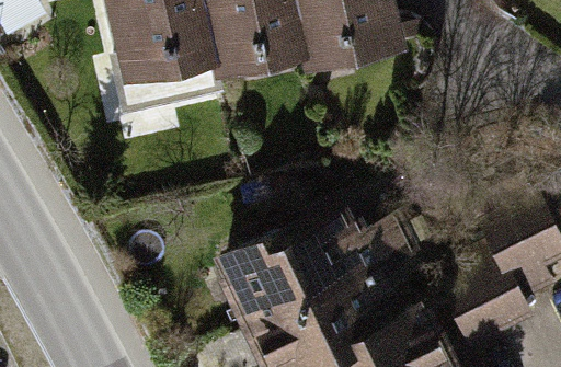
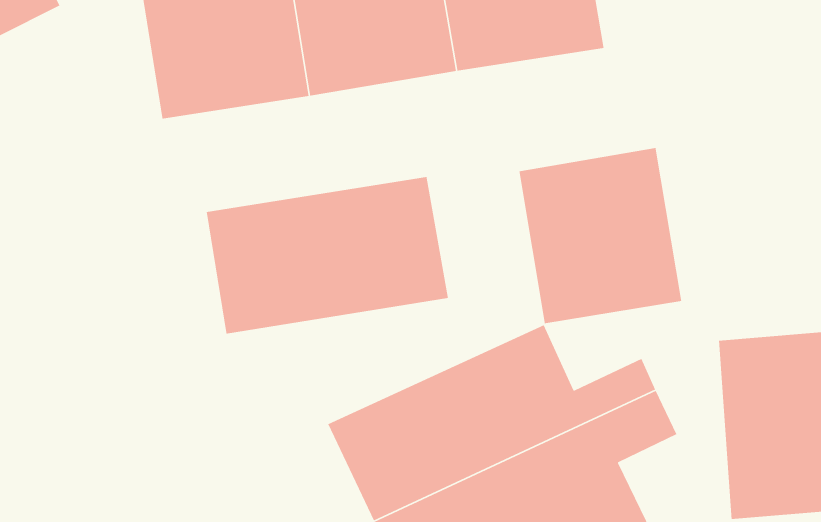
building: none -> [518,147,682,324]
building: none -> [206,176,449,334]

